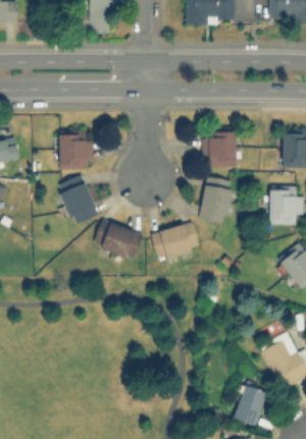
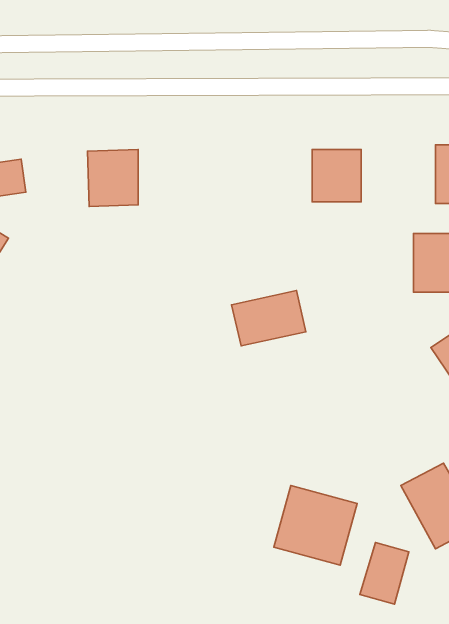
building: [57,175,99,225] -> none
building: [201,177,233,223] -> none
building: [94,219,143,260] -> none
building: none -> [274,486,357,565]

